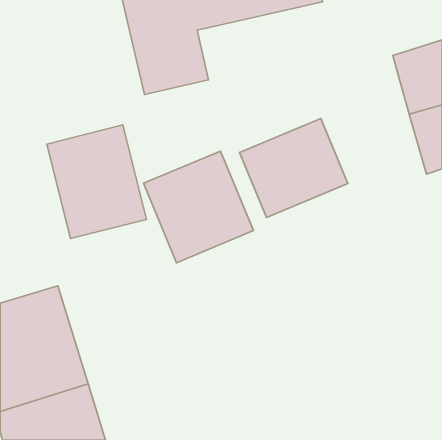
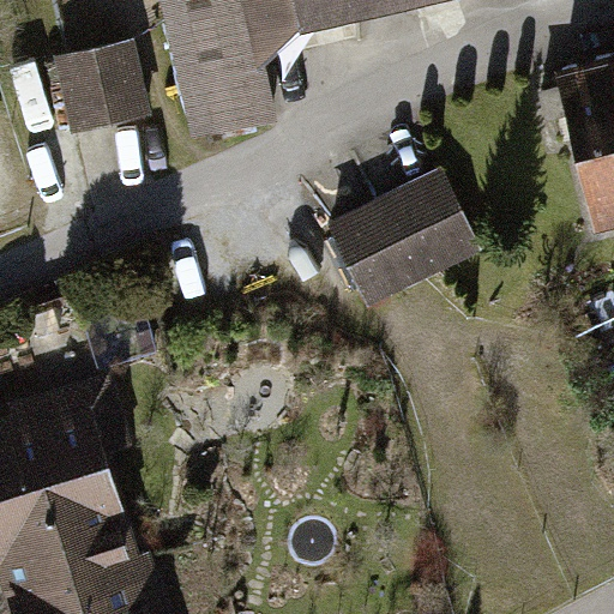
building: none -> [25,42,149,139]
building: [47,125,146,239] -> none
building: [143,151,254,263] -> none

